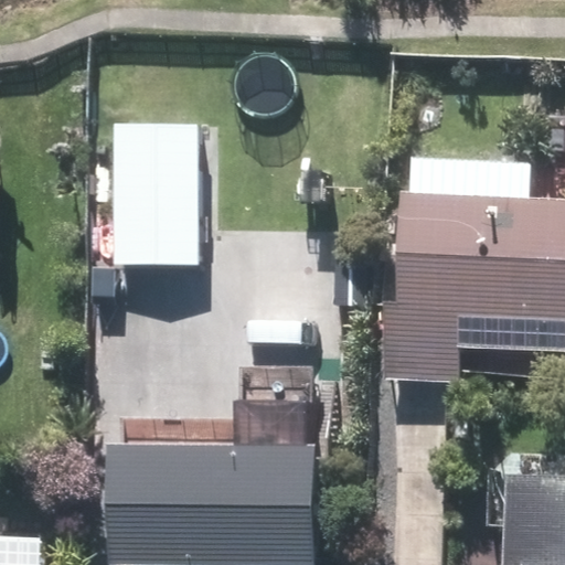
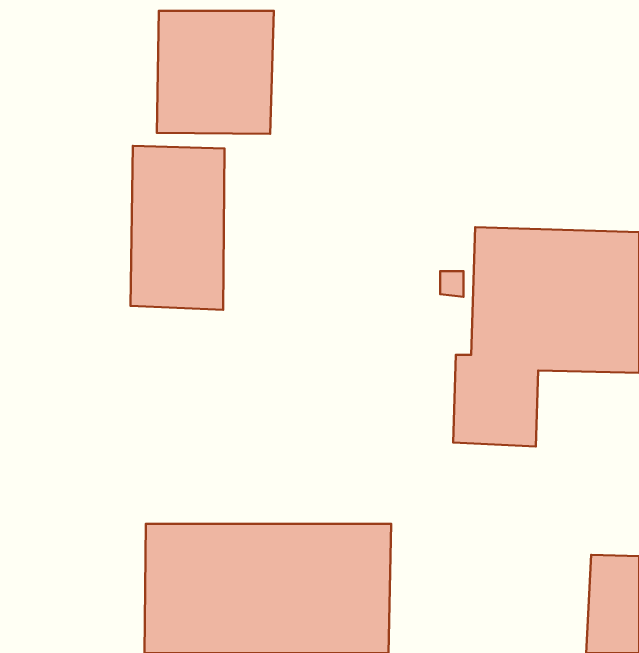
building: none -> [157,11,274,134]

